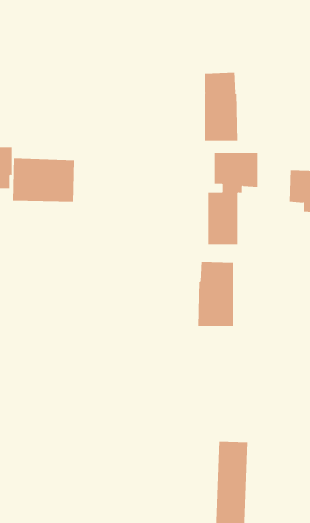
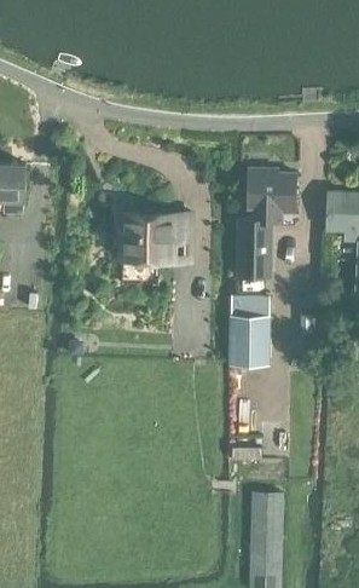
building: [205,72,238,141] -> none
building: [12,158,75,202] -> [122,212,191,260]

